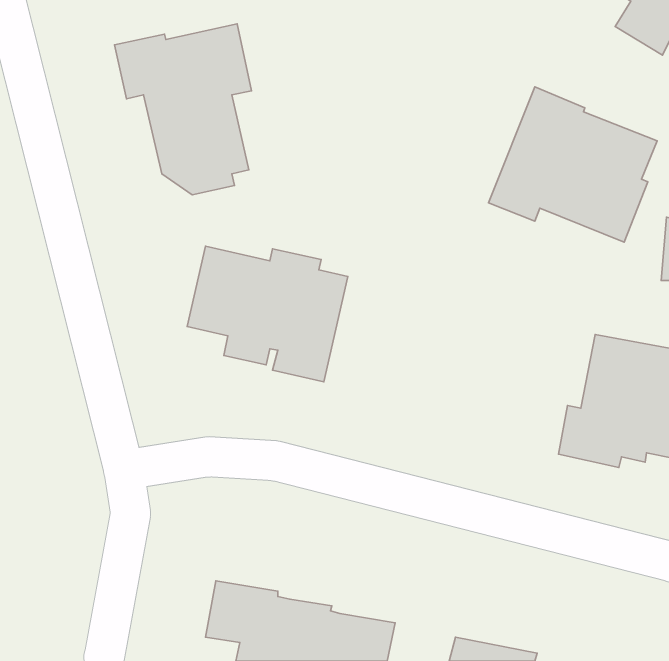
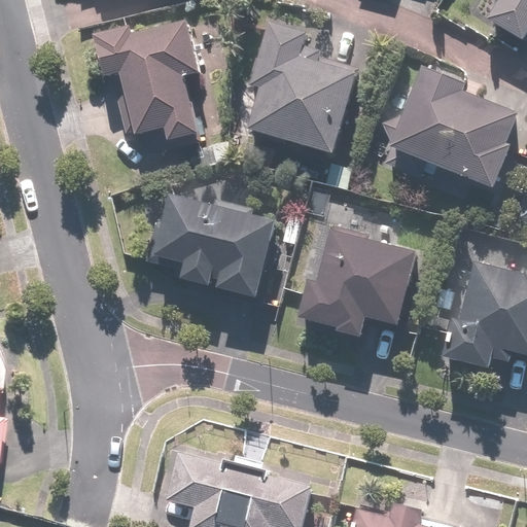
building: none -> [248,22,357,155]
building: none -> [296,221,417,332]

